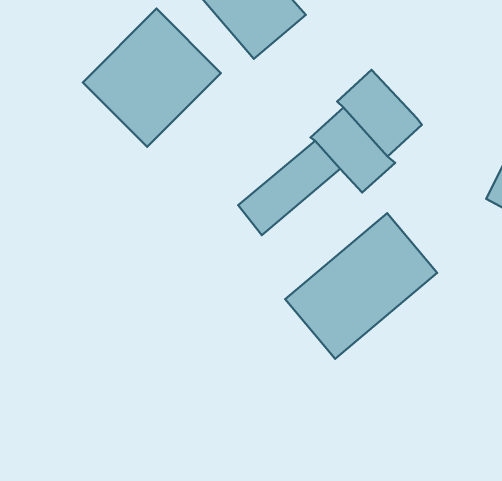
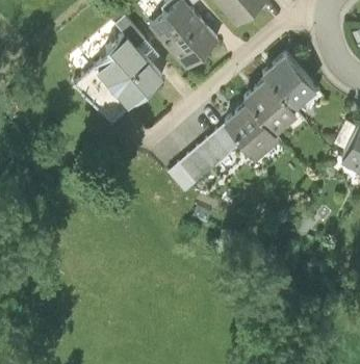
building: none -> [262,50,318,107]
building: [285,213,437,359] -> none

